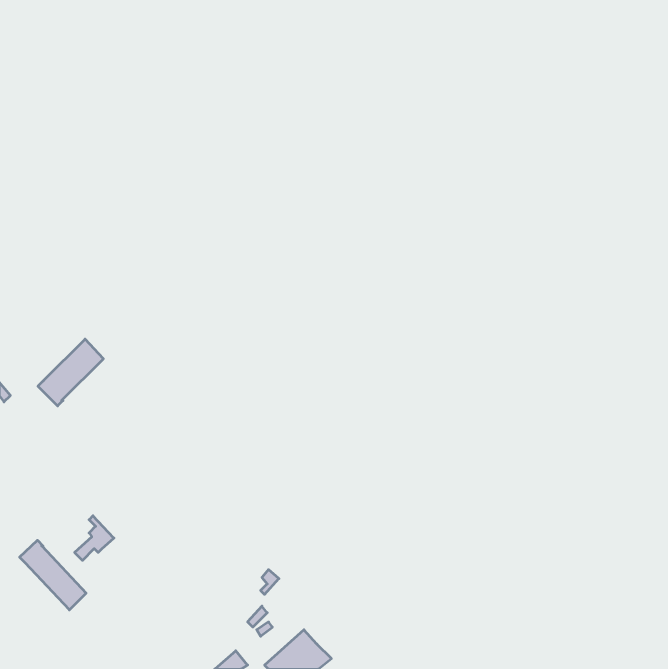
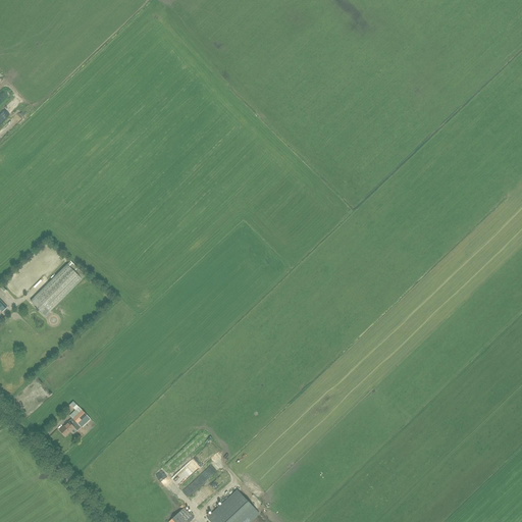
building: [20,540,86,610] -> none

